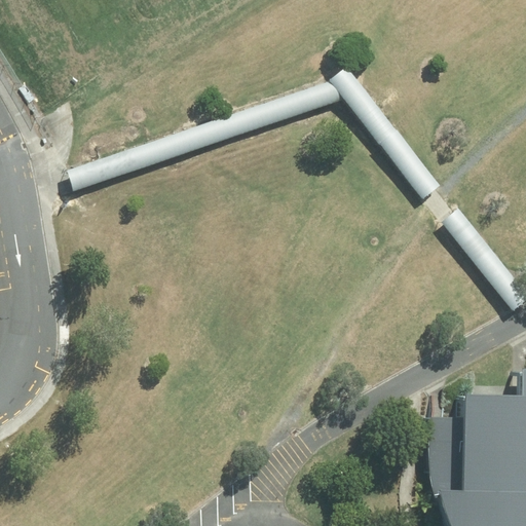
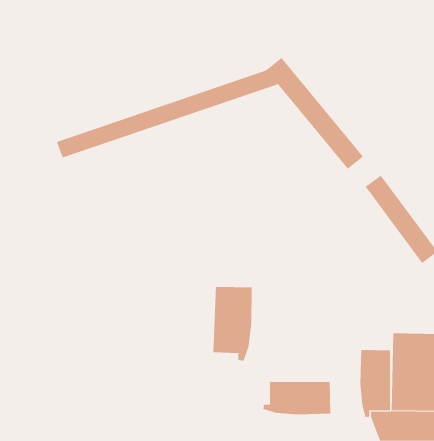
building: none -> [213,286,252,362]
building: none -> [263,381,331,415]

